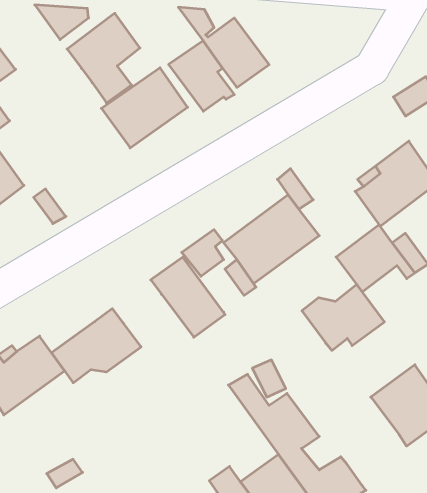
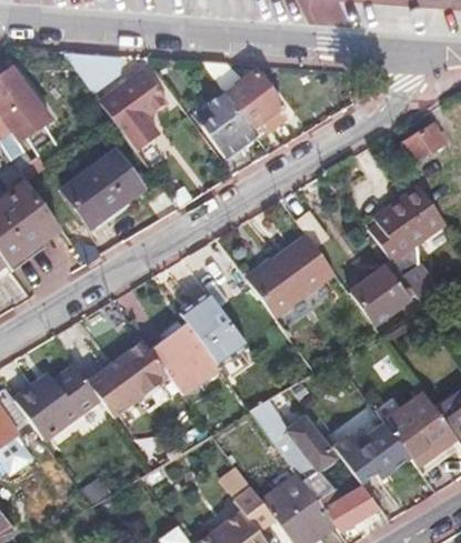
building: [101,68,188,148] -> [63,150,143,224]
building: [302,285,384,350] -> [332,423,409,484]
building: none -> [152,326,219,394]

